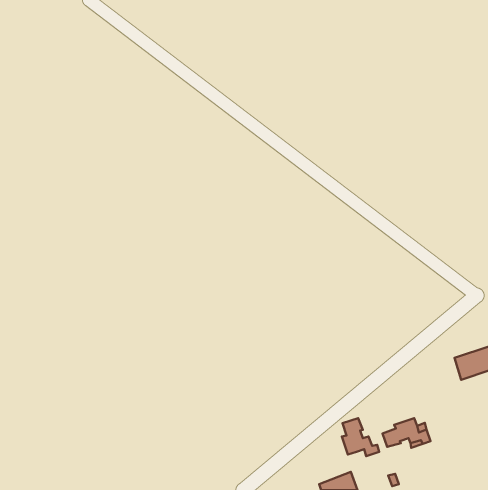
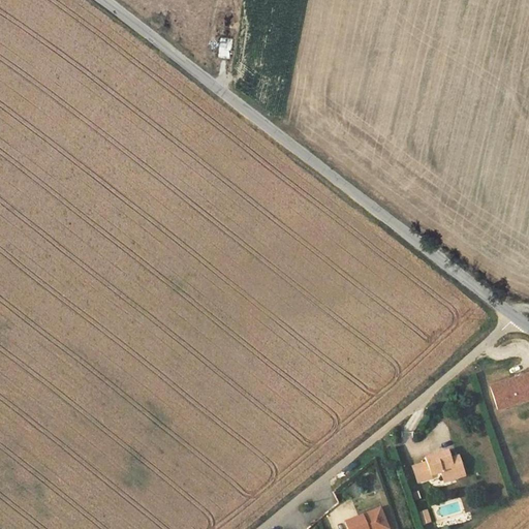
building: [342,418,379,456] -> none

